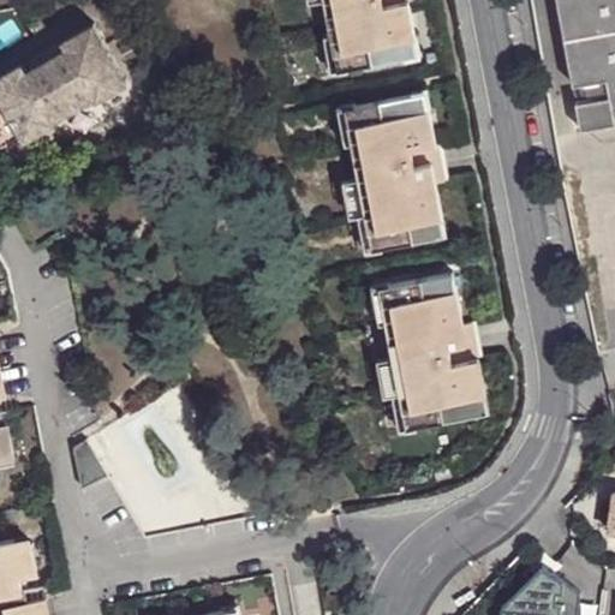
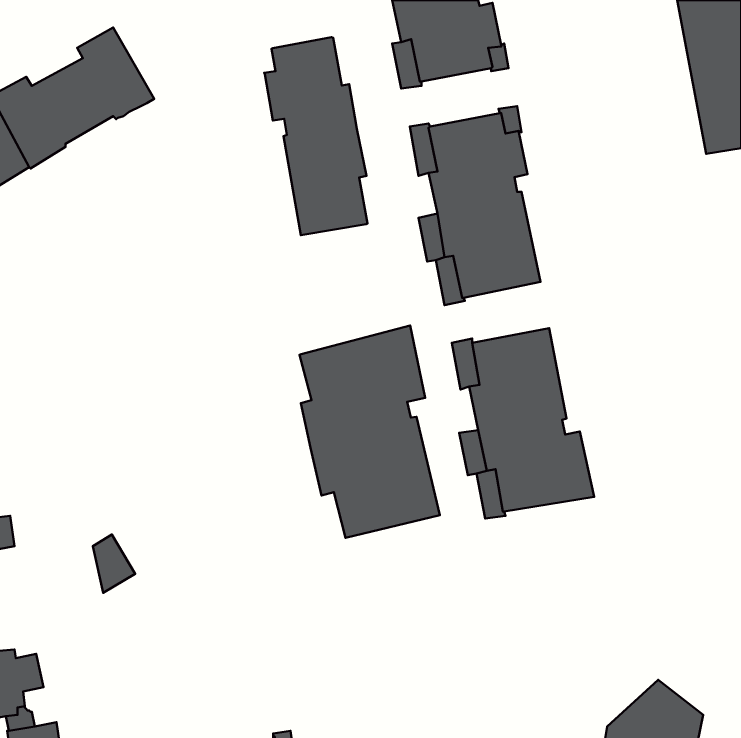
building: none -> [264,37,367,235]
building: none -> [300,325,440,538]

